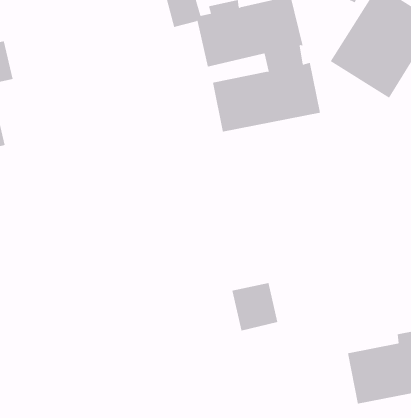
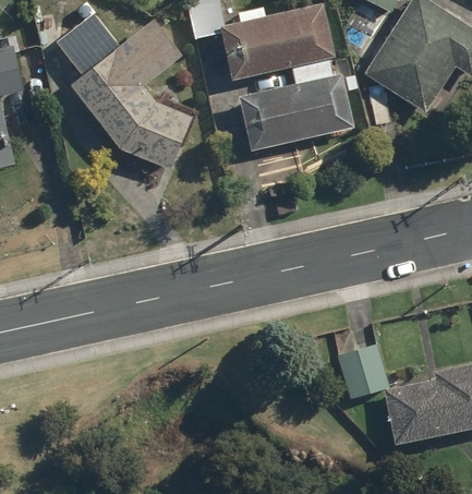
building: none -> [57,14,191,170]
building: [232,283,278,331] -> [338,344,388,396]

